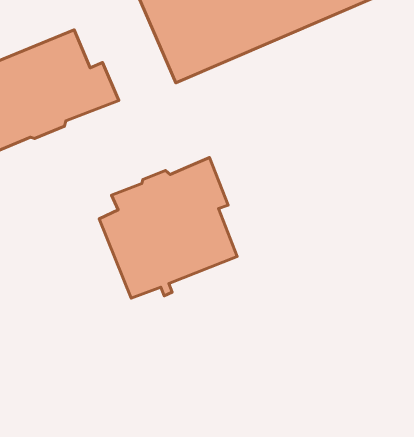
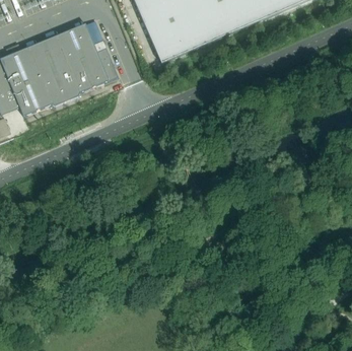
building: [99,157,237,298] -> none

